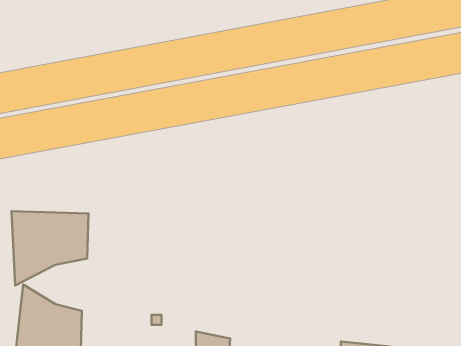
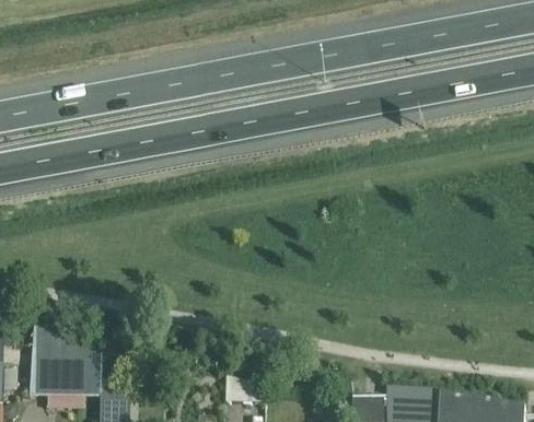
building: [12,211,89,285] -> none

